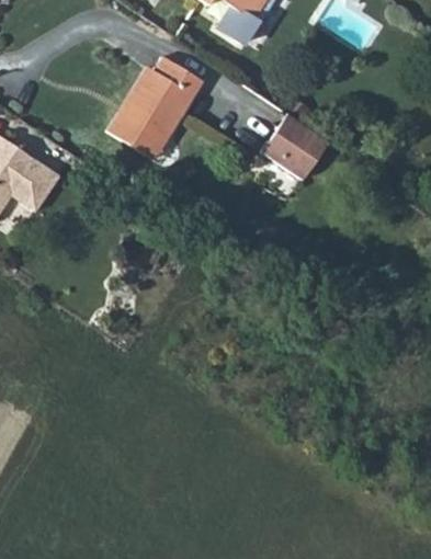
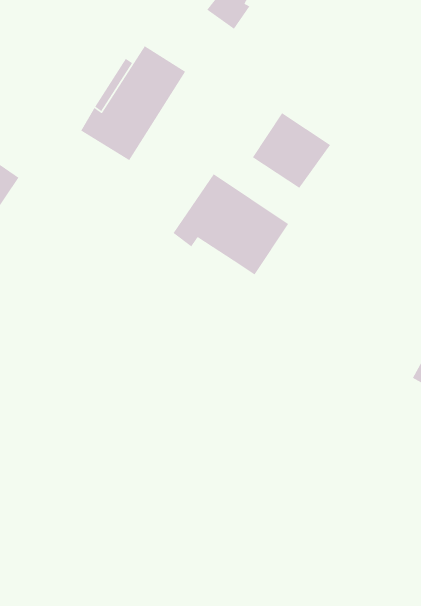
building: none -> [173,173,289,275]

